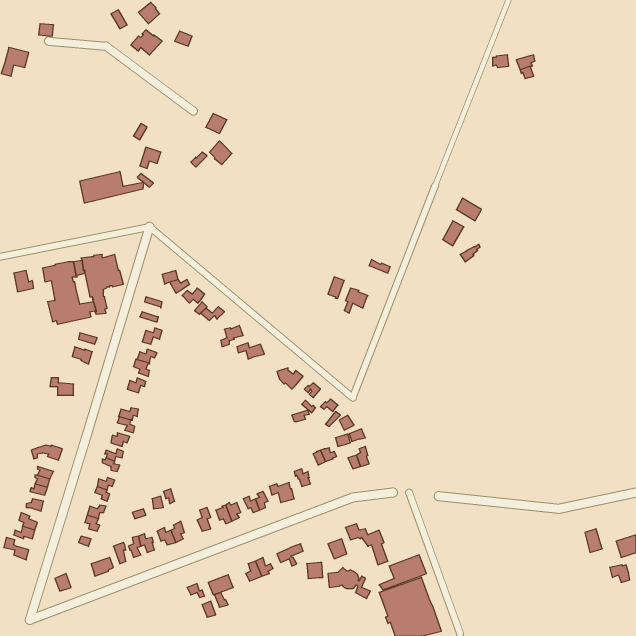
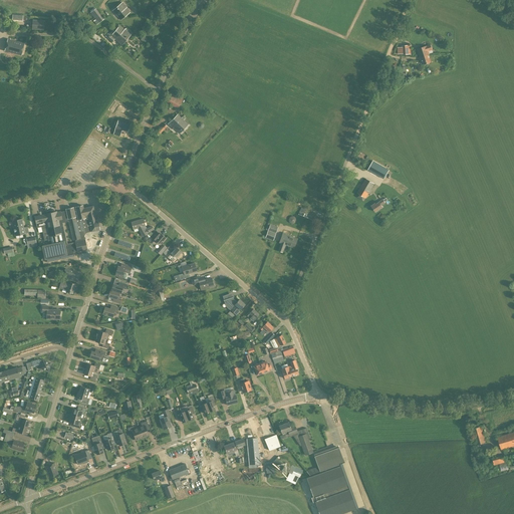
building: [80,171,143,203] -> none

